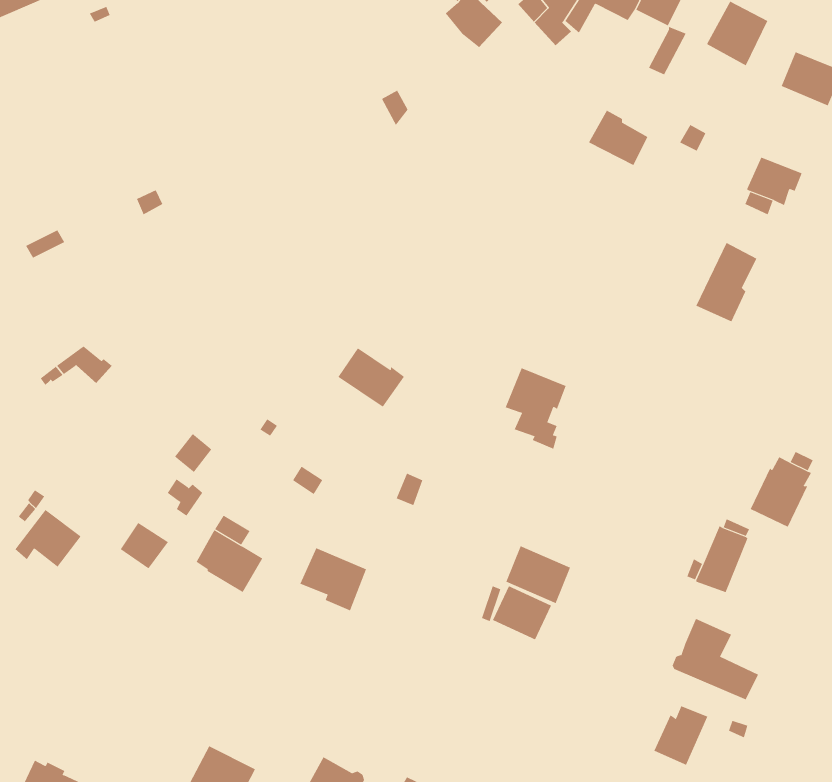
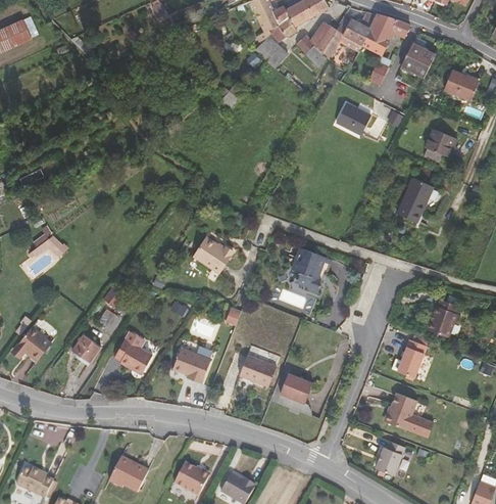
building: [505,546,571,604] -> [240,356,277,388]

